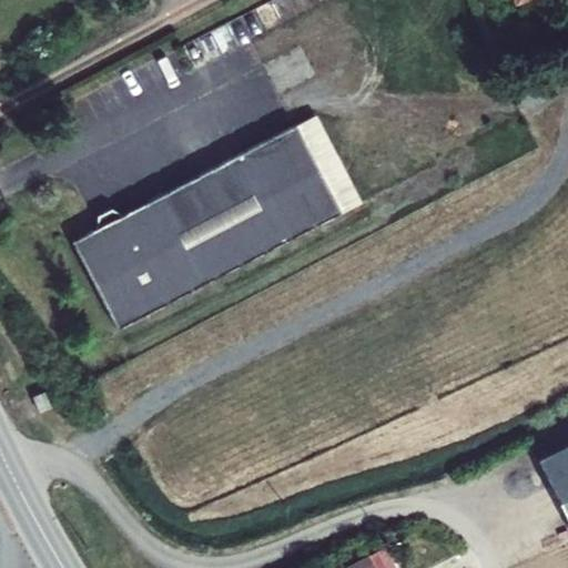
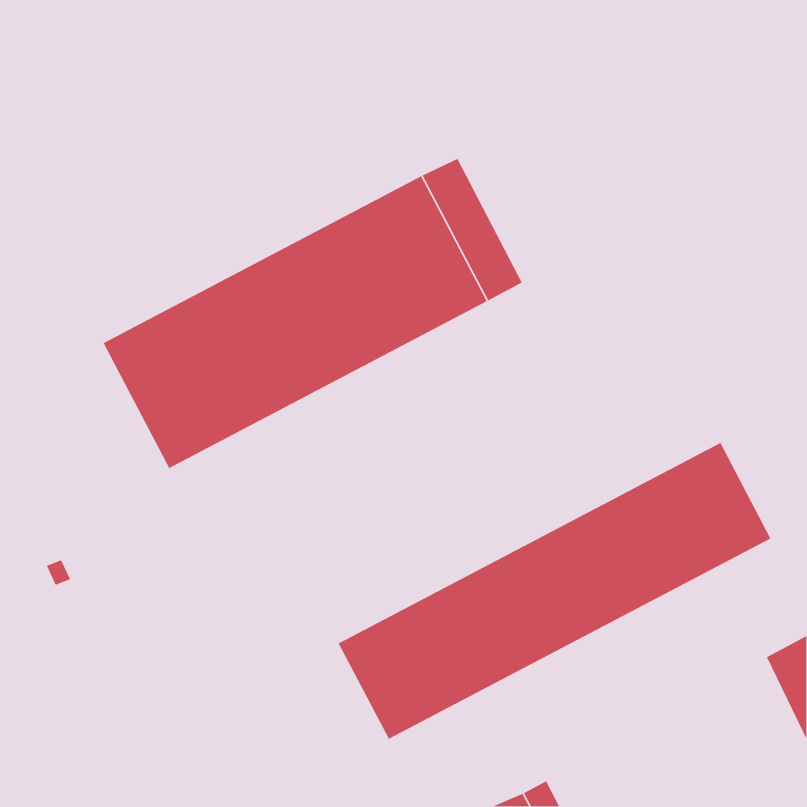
building: none -> [338,442,772,740]

